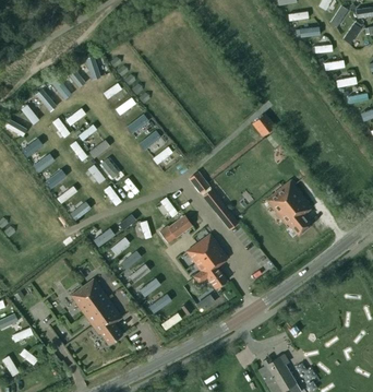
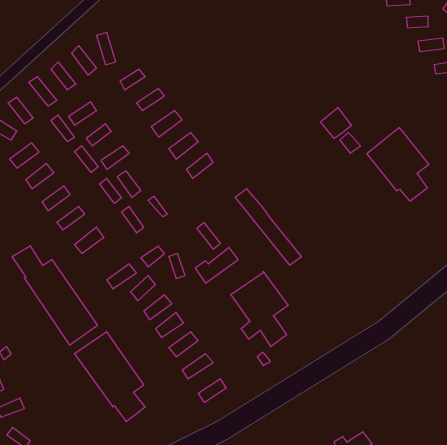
building: [265,182,311,237] -> [367,127,429,201]
building: none -> [12,246,97,345]

